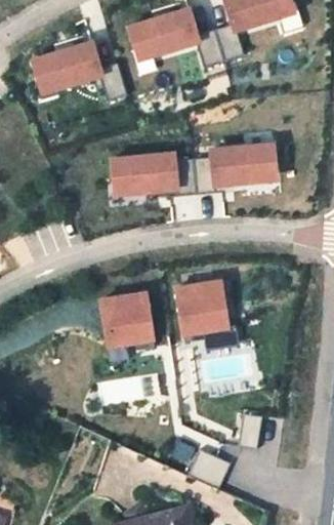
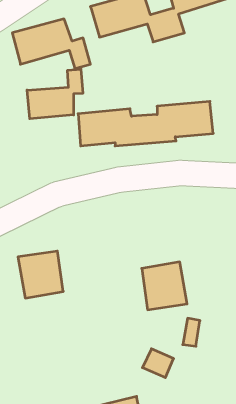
building: none -> [27,69,83,119]
building: [174,278,231,337] -> [142,262,187,310]
building: [98,290,155,349] -> [18,251,63,298]

